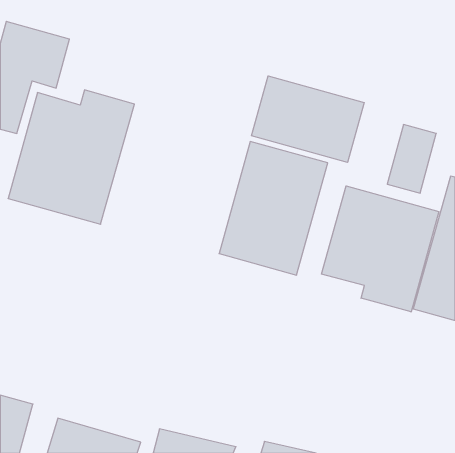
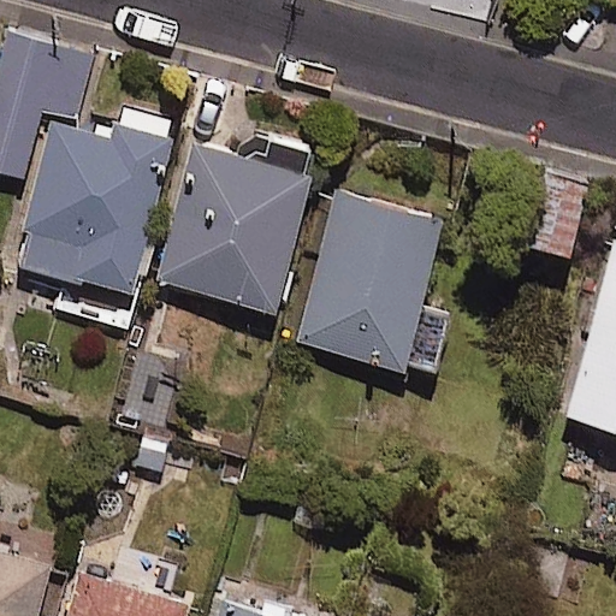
building: [251,76,364,162] -> none
building: none -> [152,146,315,316]
building: [321,186,439,312] -> none

